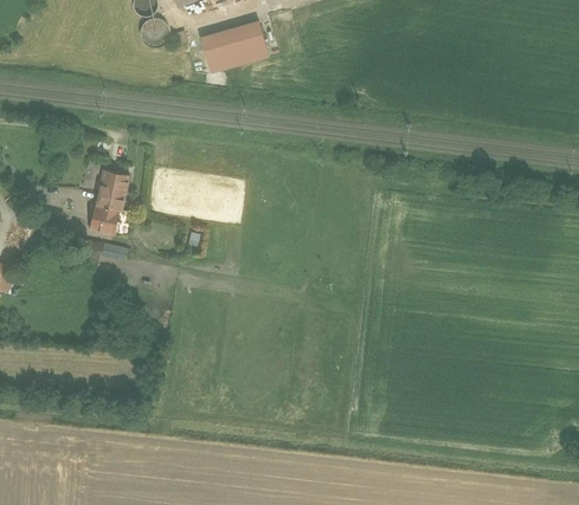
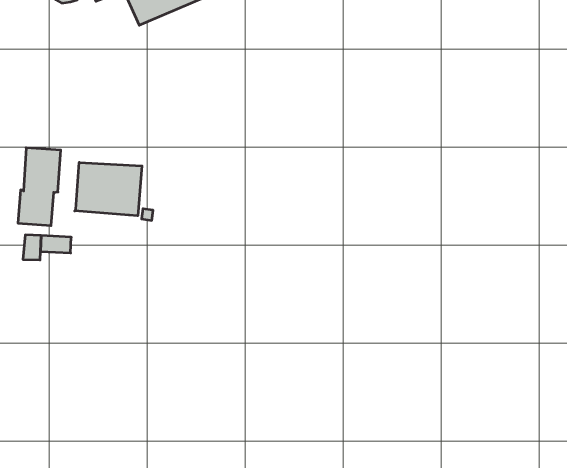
building: none -> [75,162,142,216]

